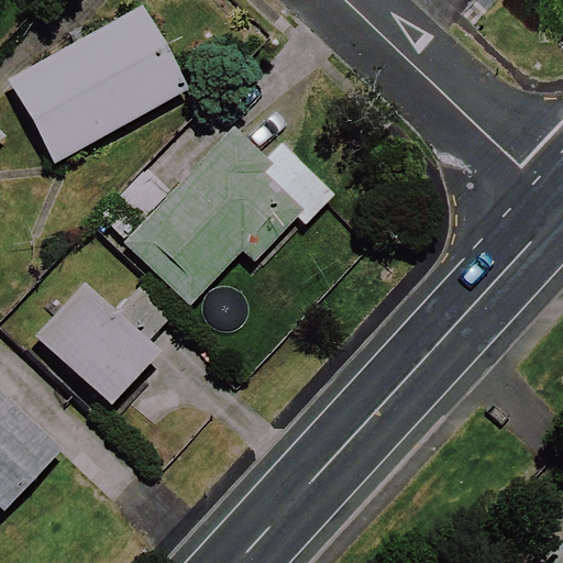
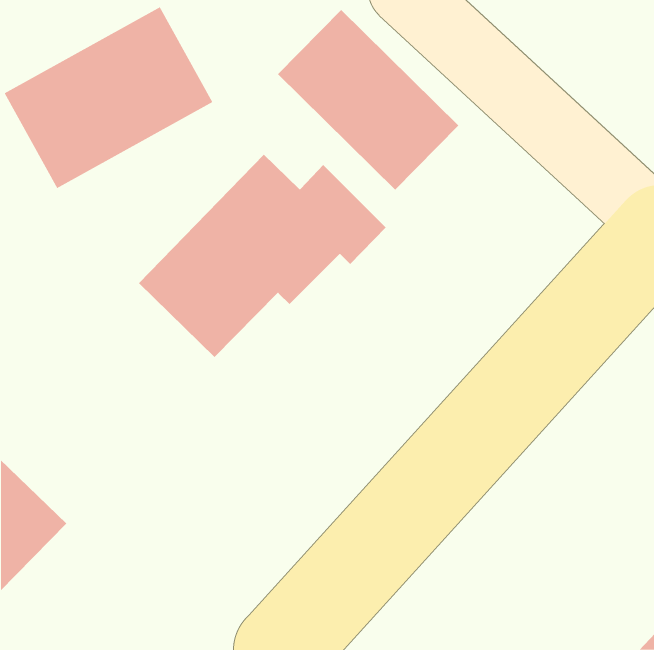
building: none -> [277,9,459,190]
building: [36,282,158,402] -> none

